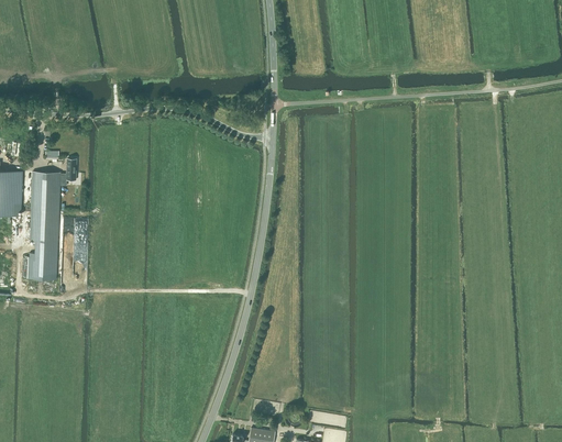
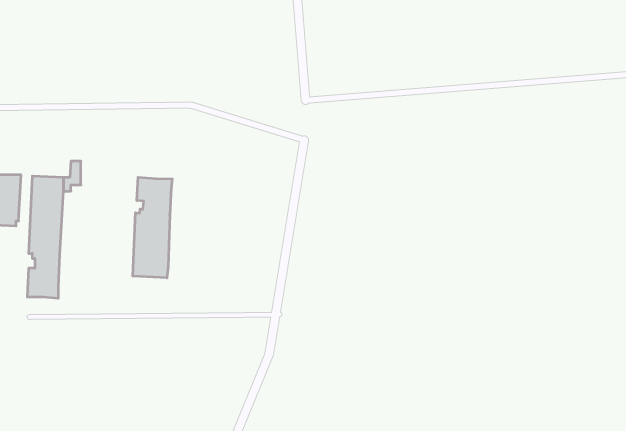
building: none -> [133,177,172,278]

